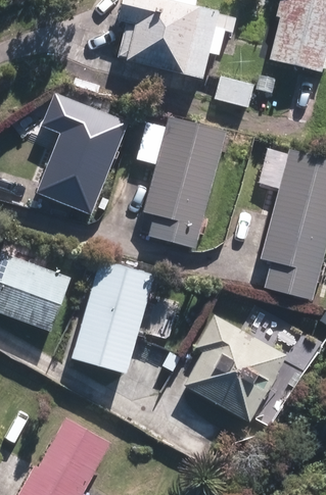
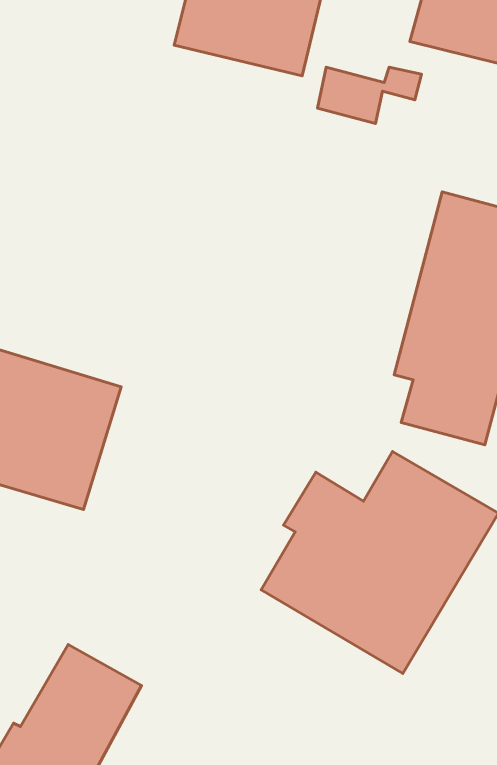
building: [36,93,129,214] -> none
building: [143,115,227,248] -> none
building: [67,259,153,379] -> none

